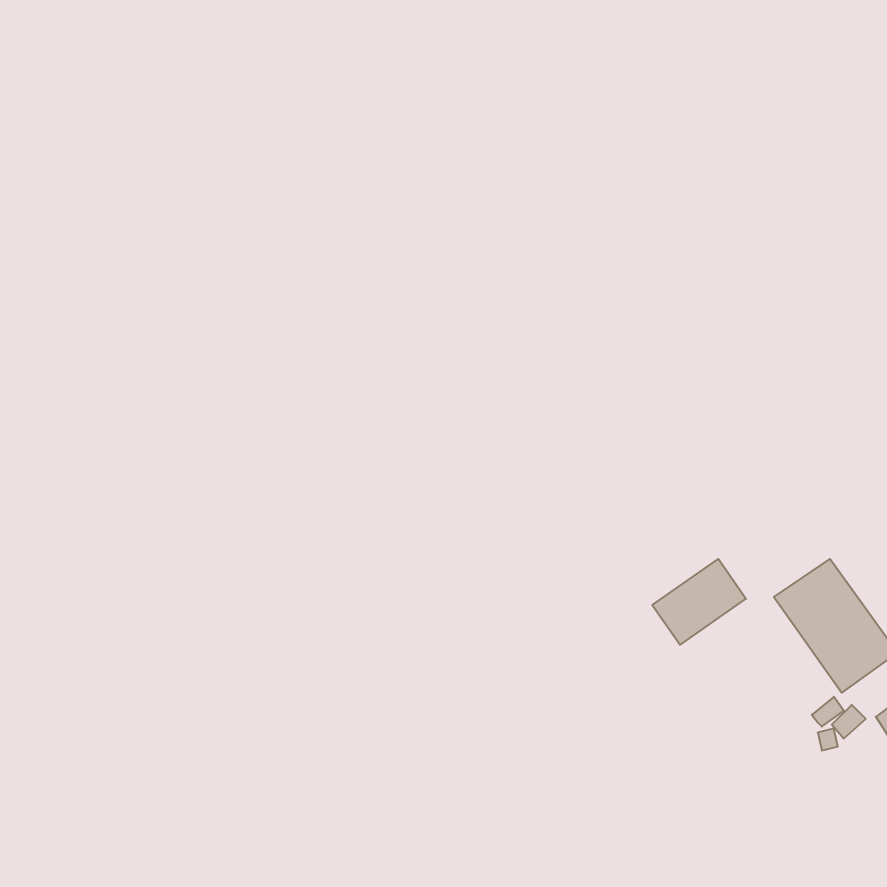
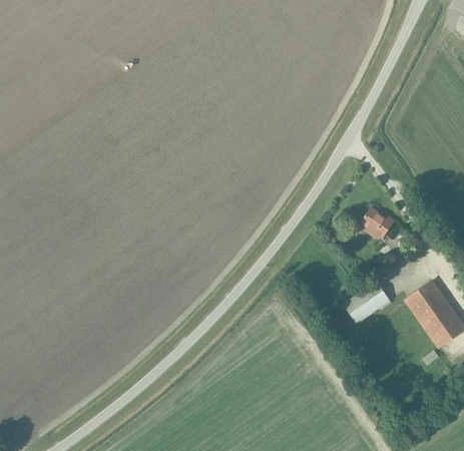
building: none -> [362,208,394,240]

